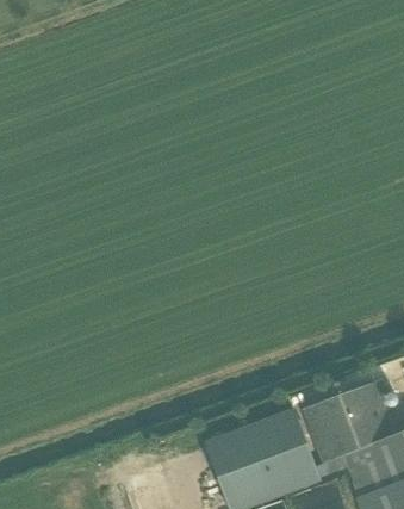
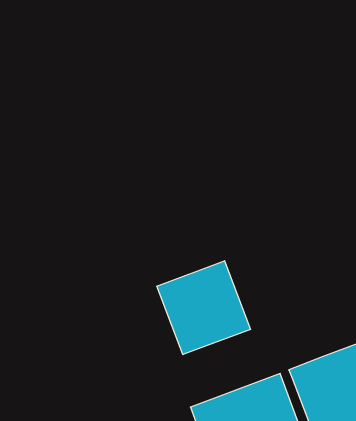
building: none -> [157,261,251,355]

